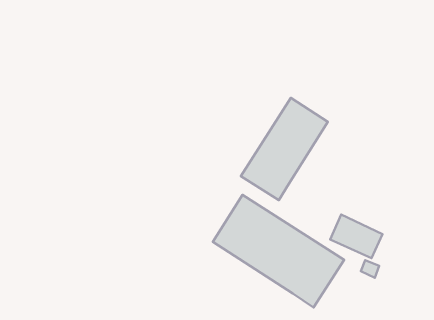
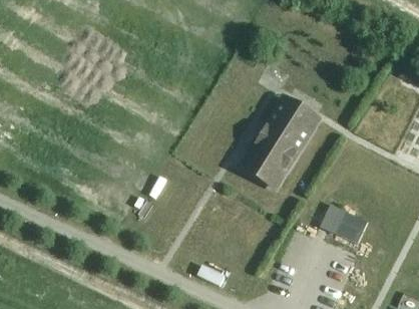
building: [213,195,344,307] -> none

